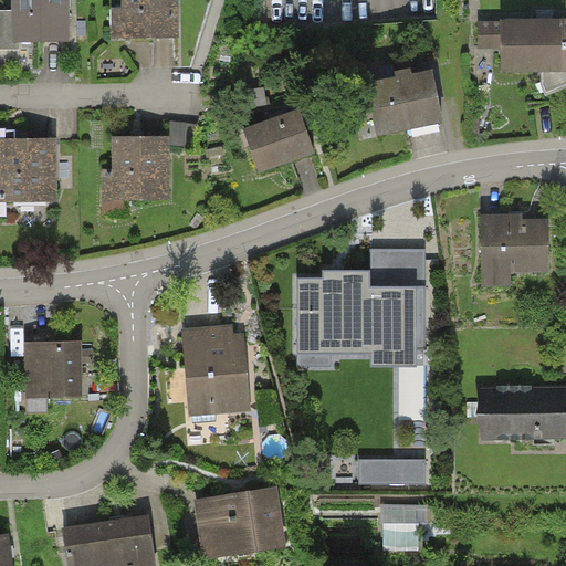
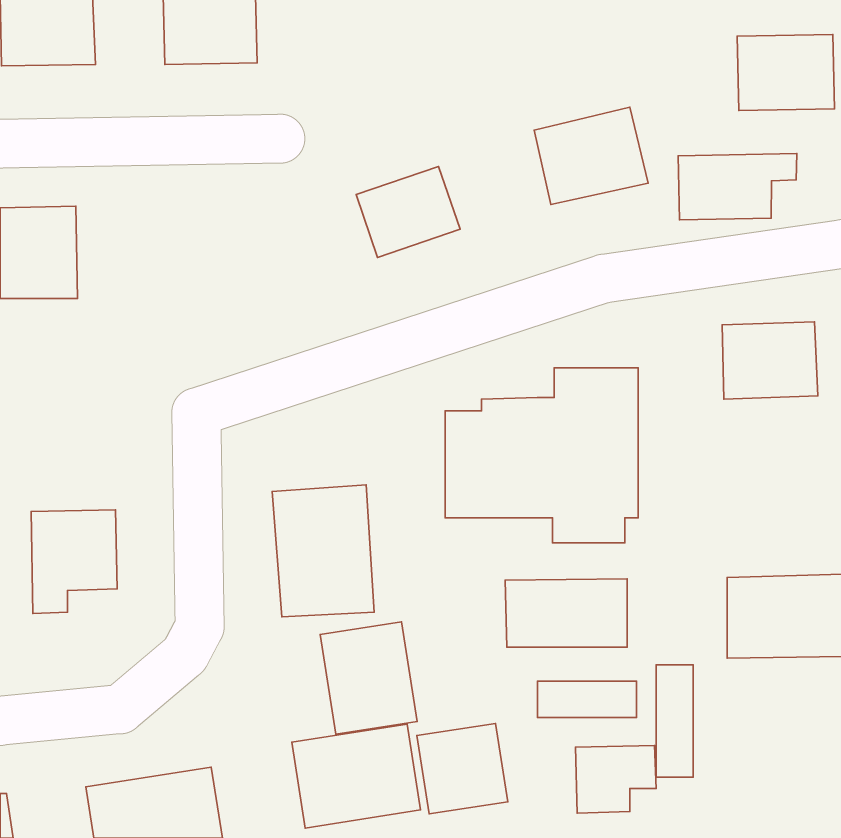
building: none -> [678,154,797,220]
building: [106,138,165,202] -> none
building: none -> [505,579,627,647]
building: none -> [320,622,417,734]
building: none -> [656,665,693,777]
building: none -> [417,723,508,814]

